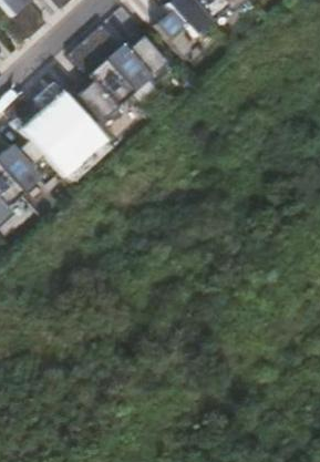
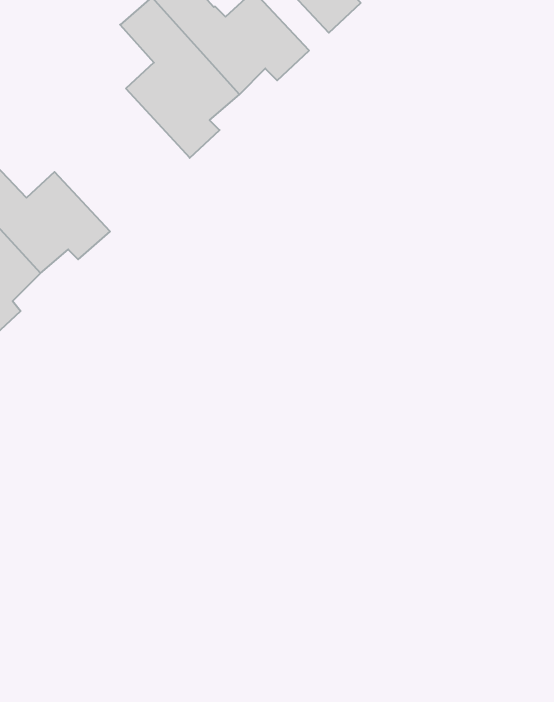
building: [10,93,96,161] -> none

